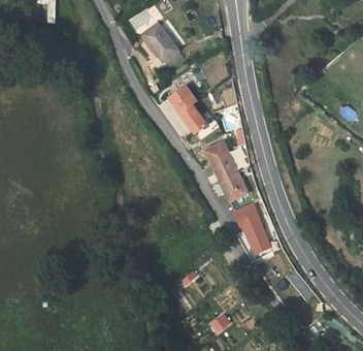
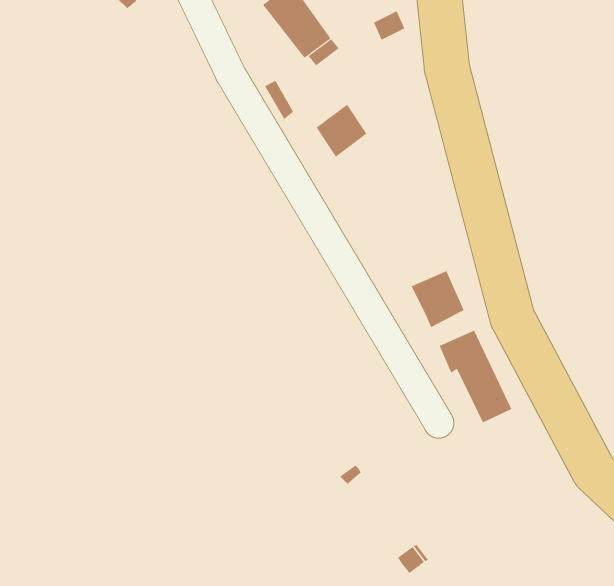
building: [180,104,207,134] -> none
building: [205,141,238,181] -> none

